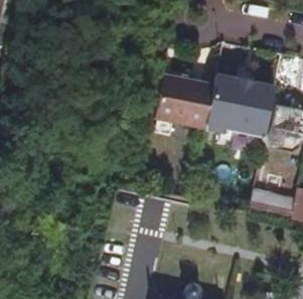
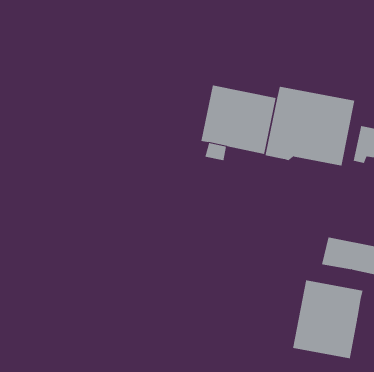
building: none -> [293,280,363,359]

